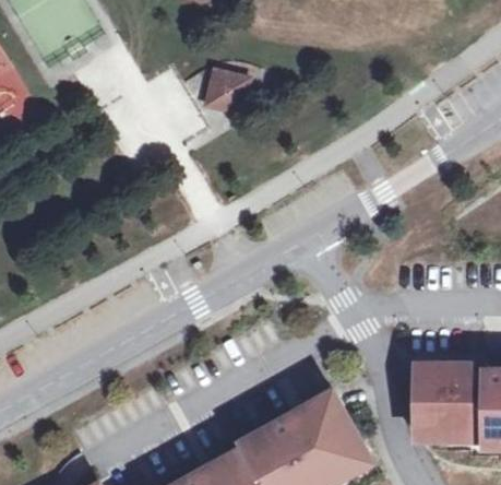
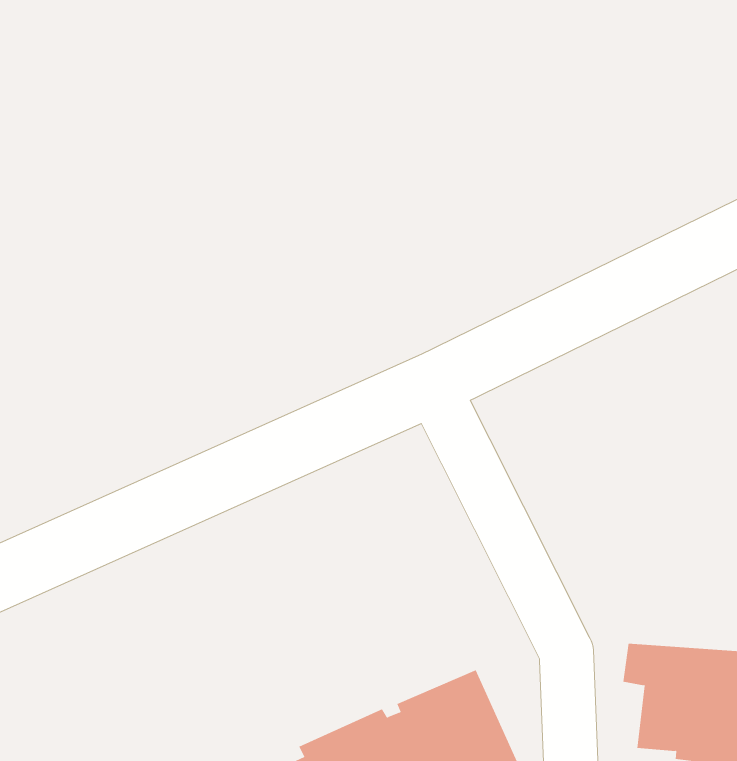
building: [201,70,242,113] -> none

